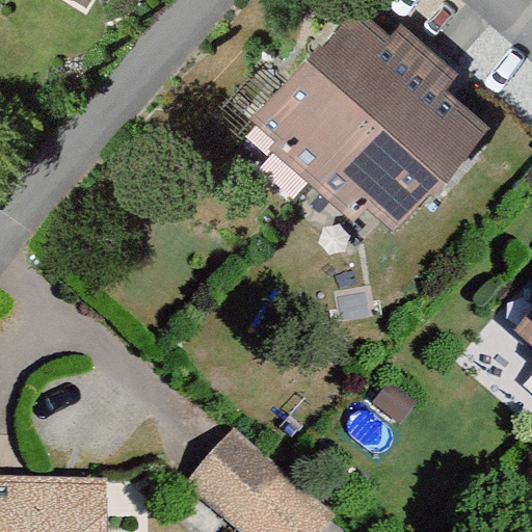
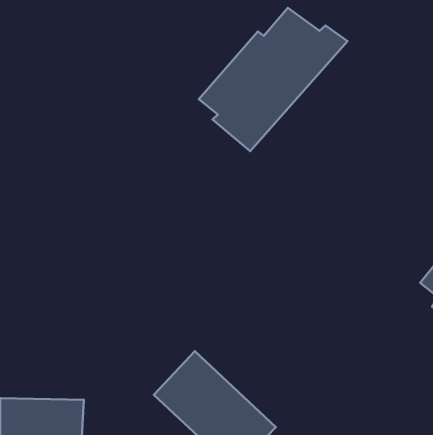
building: [309,52,484,235] -> none

